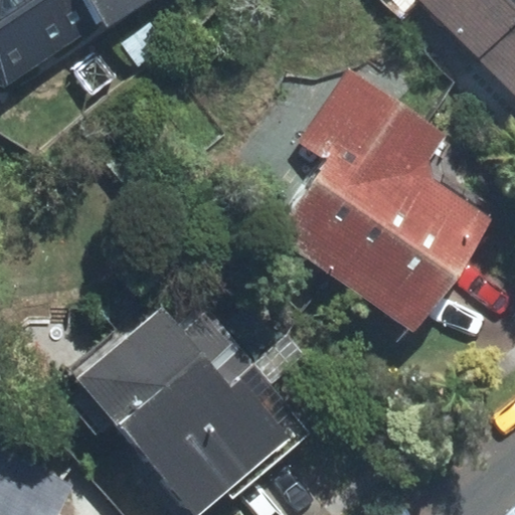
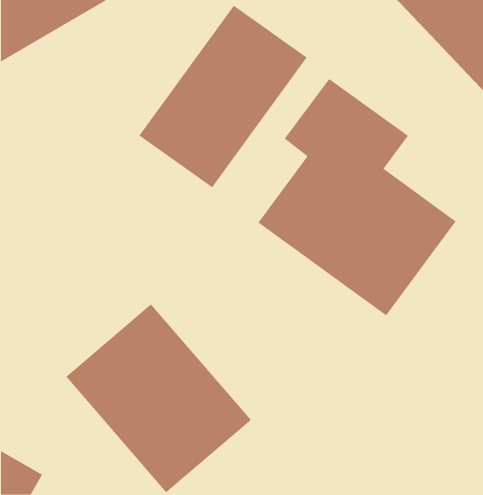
building: none -> [139,5,307,188]

